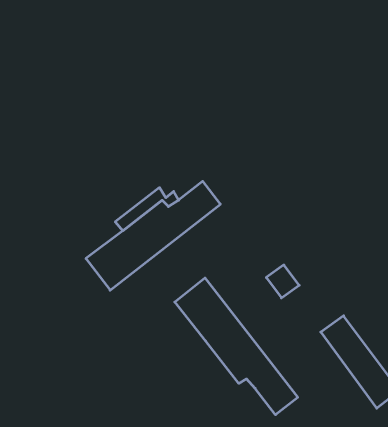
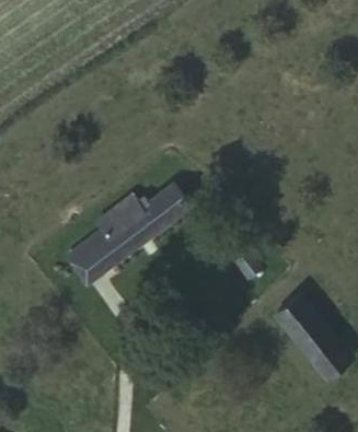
building: [175,278,298,415] -> none

